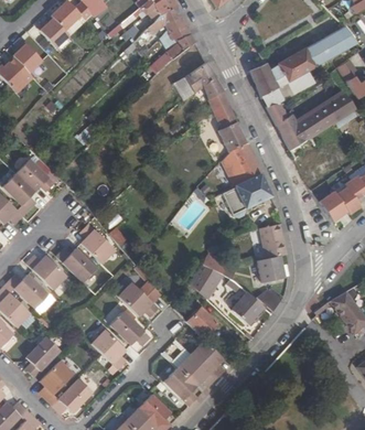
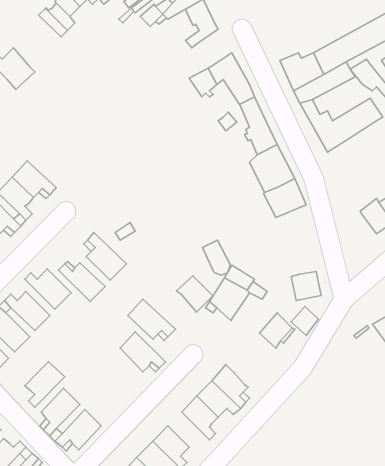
building: [13,43,43,75] -> none
building: [222,186,246,217] -> [202,240,230,275]
building: [260,223,287,257] -> none
building: [184,304,216,336] -> [177,276,213,312]
building: [90,327,125,367] -> none

